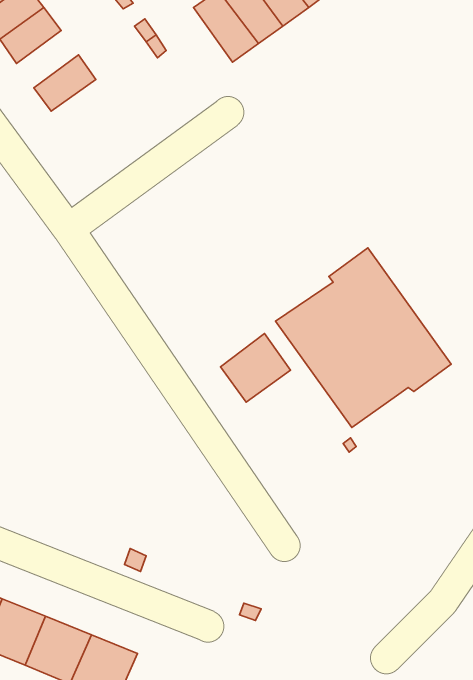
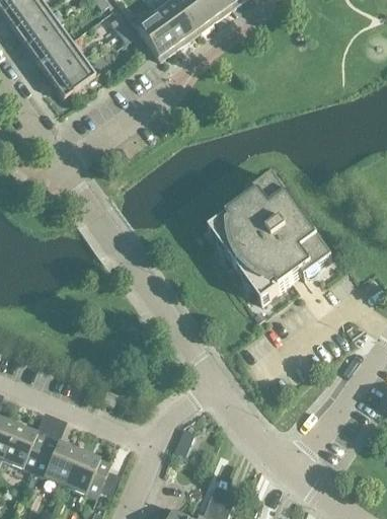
building: none -> [132,6,178,58]
building: none -> [26,22,70,63]
building: none -> [51,57,94,96]
building: [220,334,290,402] -> none

